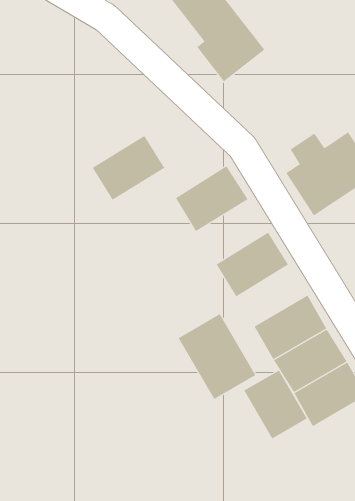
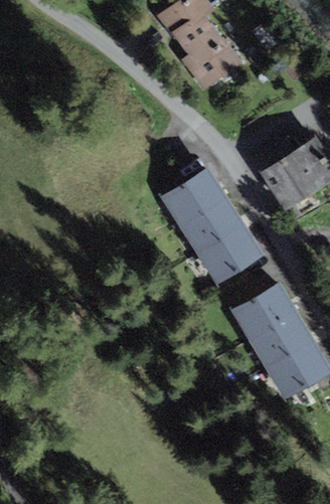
building: [92,135,165,200] -> [179,196,244,255]
building: [178,313,256,400] -> none
building: [244,370,308,439] -> none

